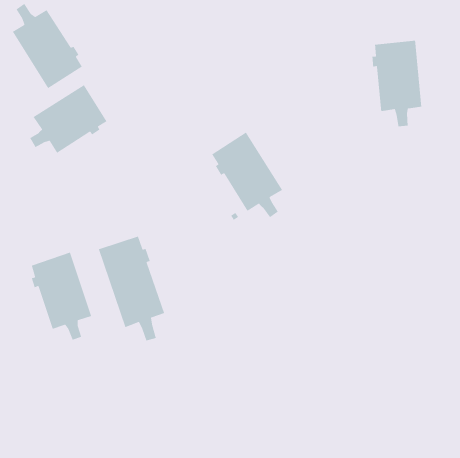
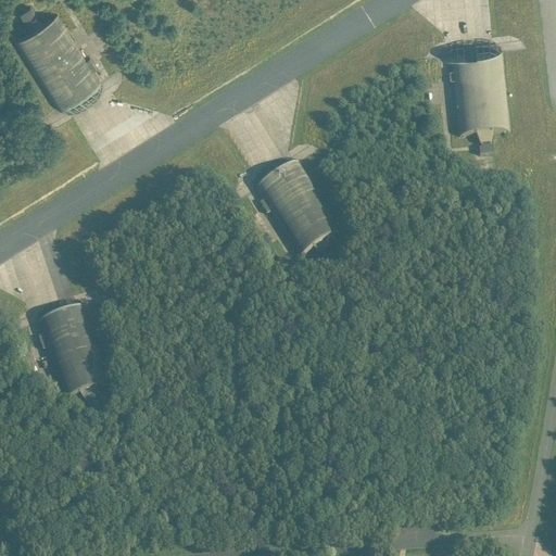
building: [29,84,108,154] -> none
building: [98,235,165,342] -> none

